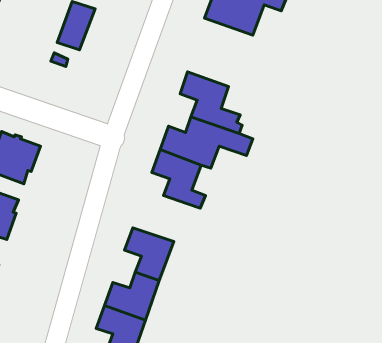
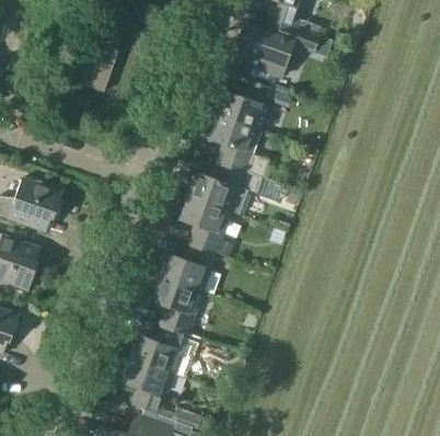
building: none -> [215,79,273,129]
building: none -> [158,243,215,291]

